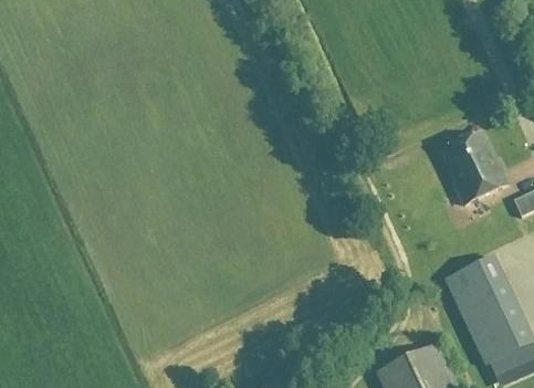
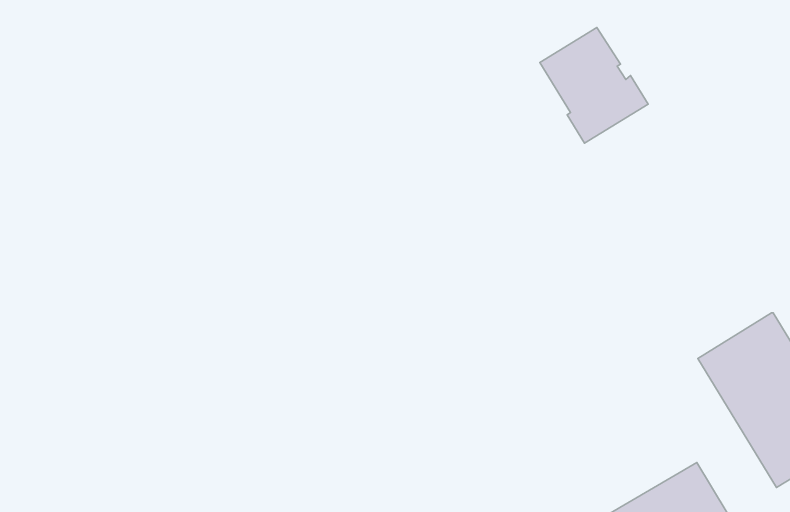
building: [442,132,506,202] -> [540,27,648,143]

